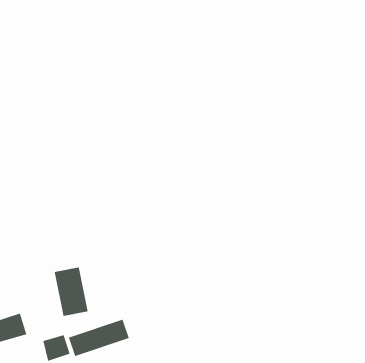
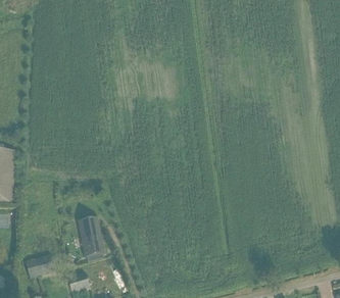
building: [68,319,129,357] -> none

